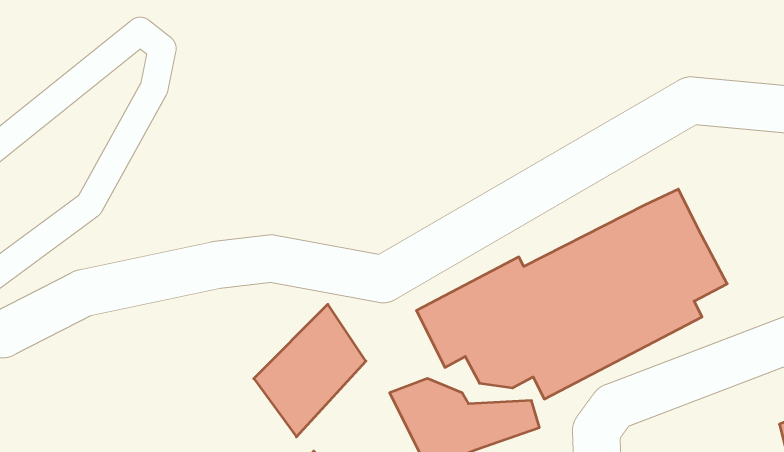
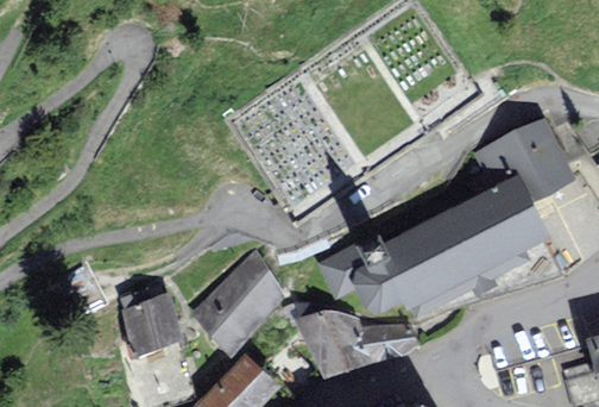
building: none -> [478,117,581,199]
building: none -> [124,301,178,352]

